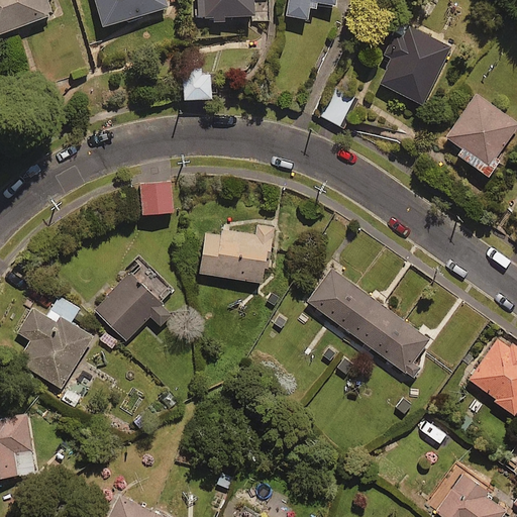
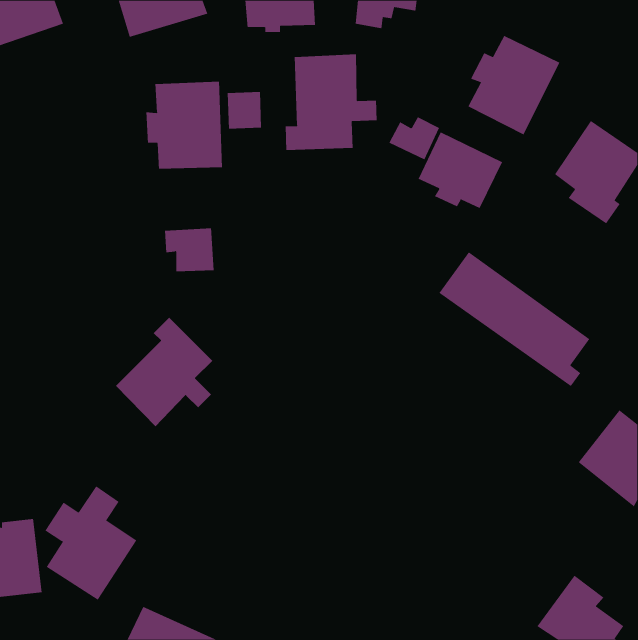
building: none -> [285,53,377,151]
building: none -> [146,81,223,169]
building: none -> [418,132,503,209]
building: [197,223,267,276] -> none
building: [304,264,426,373] -> [438,252,590,387]
building: [17,298,92,391] -> [44,485,137,601]

